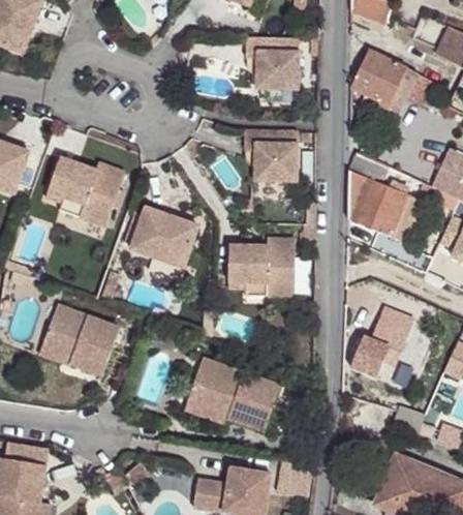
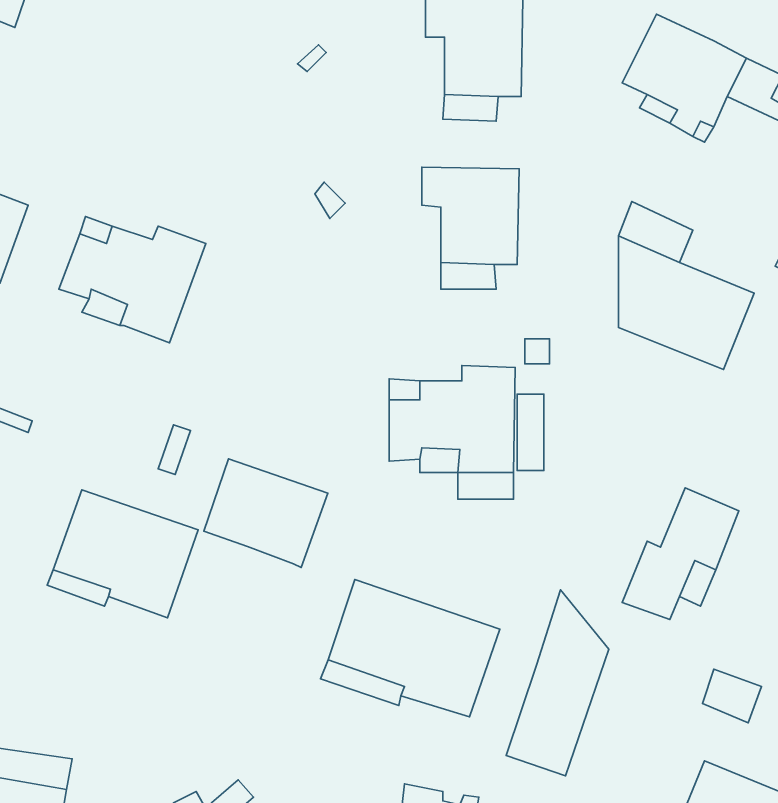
building: [129,205,196,264] -> [204,459,328,568]
building: none -> [506,590,609,776]

